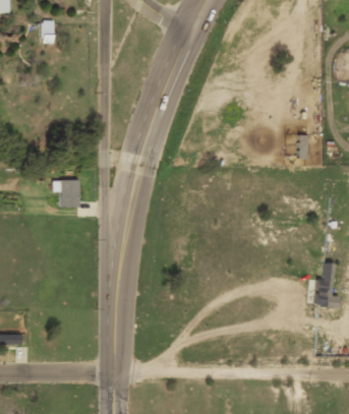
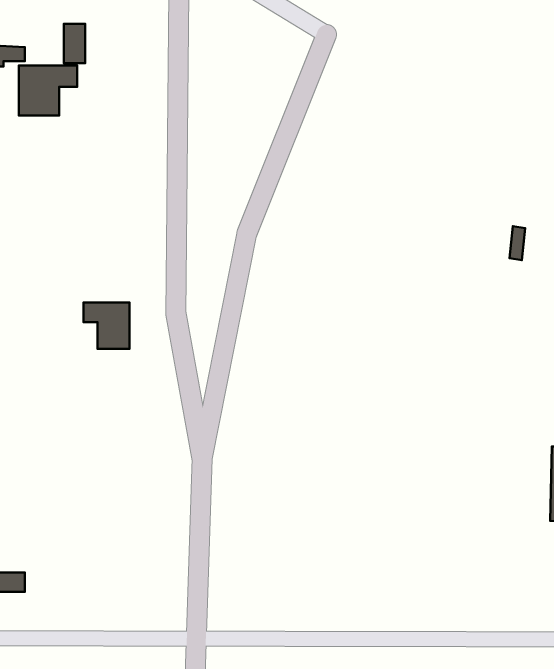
building: none -> [19,66,77,116]

